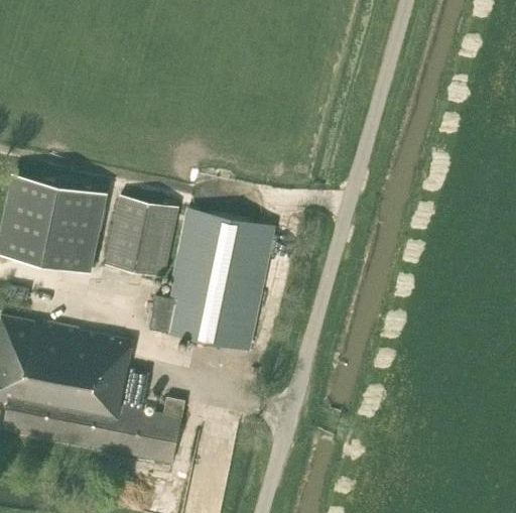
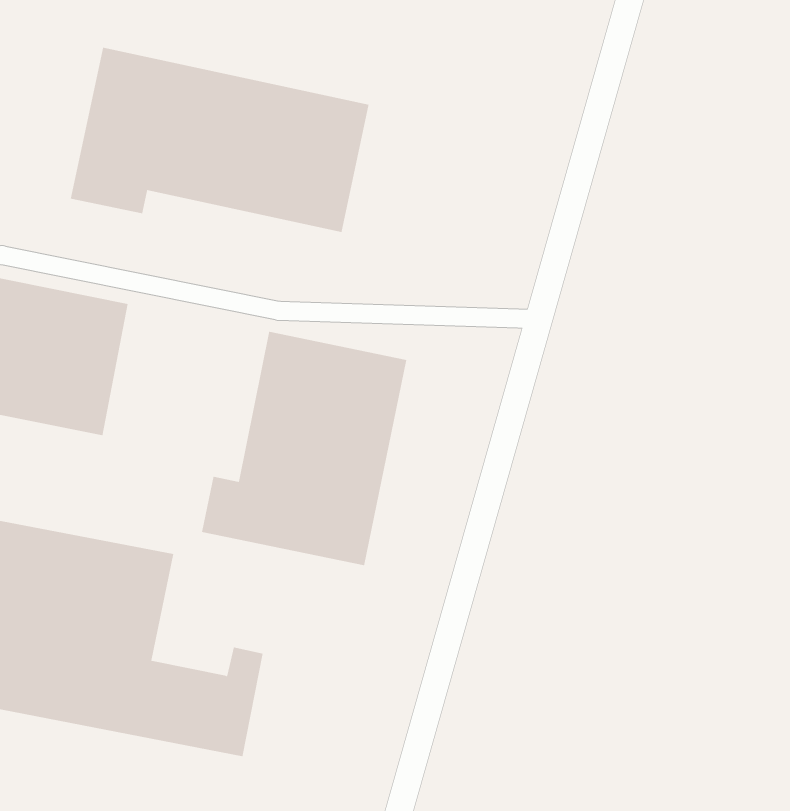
building: none -> [70,47,369,233]
building: [106,197,178,279] -> none

